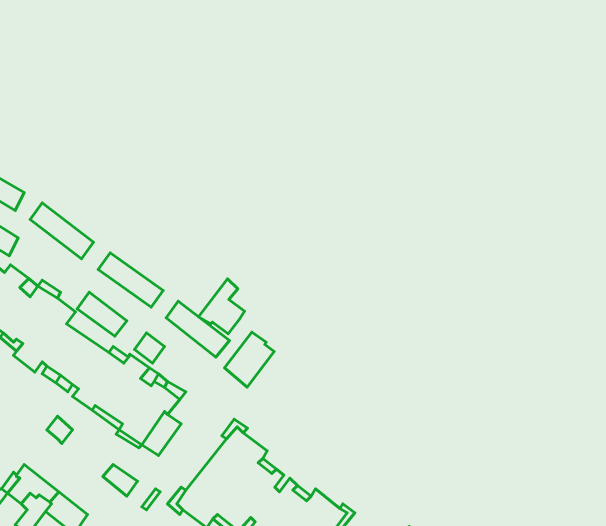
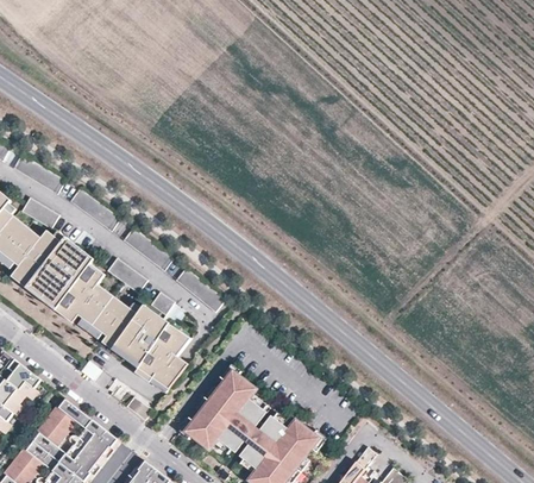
building: [198,279,244,334] -> none
building: [225,332,274,387] -> none

